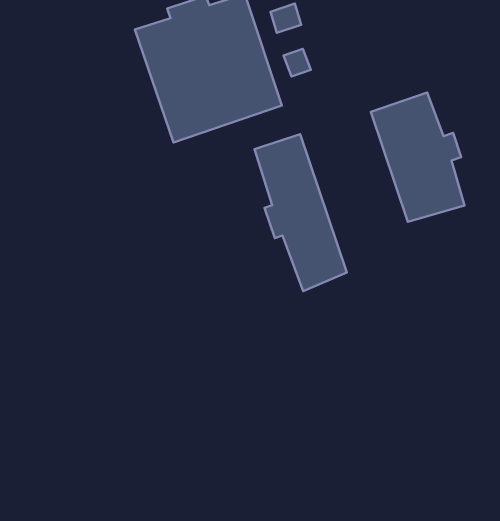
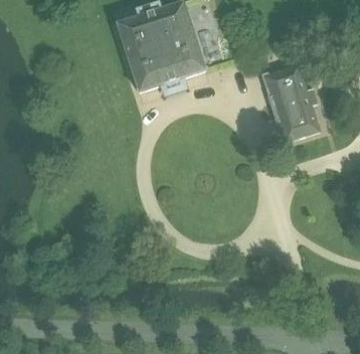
building: [254,134,347,291] -> none

